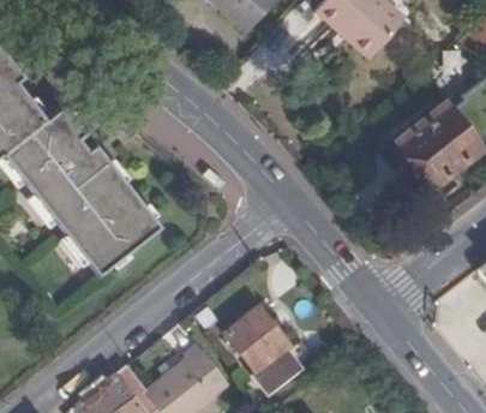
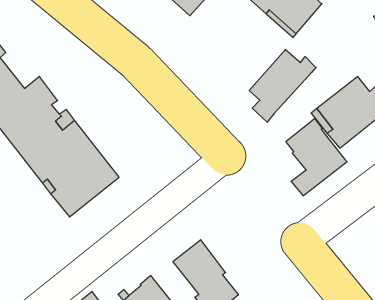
building: none -> [249,49,316,122]
building: none -> [286,118,347,196]

